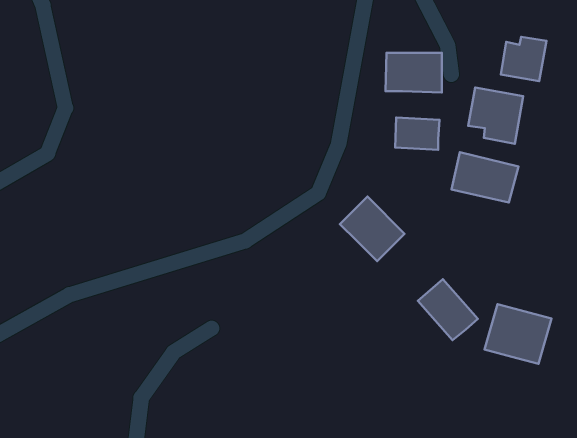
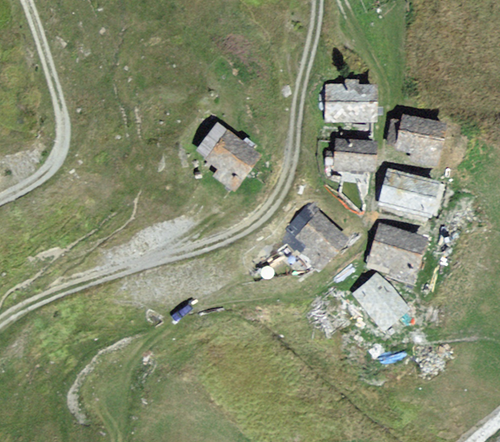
building: [501,37,546,81] -> none
building: none -> [199,124,256,186]
building: [484,304,552,364] -> [367,226,423,276]

